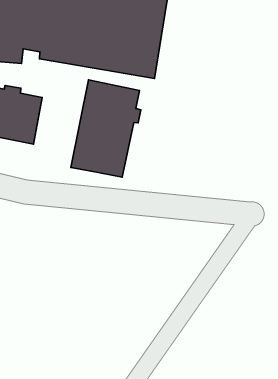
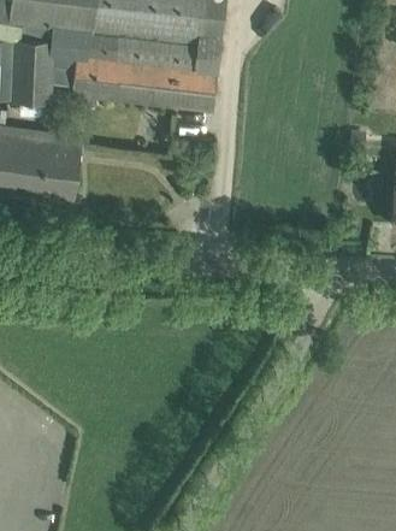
building: [71,80,141,177] -> none

